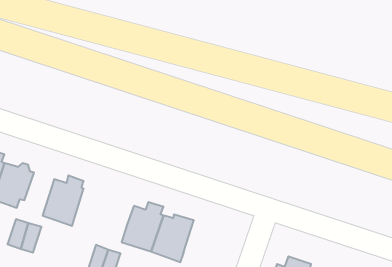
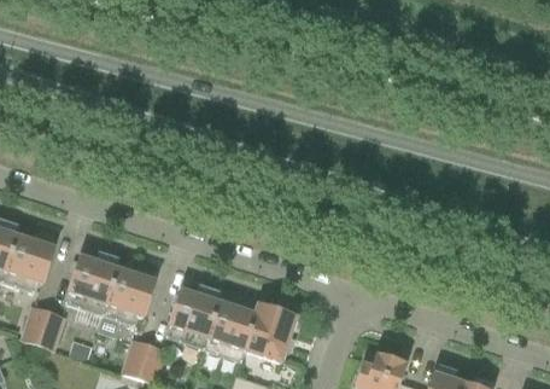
building: none -> [103,268,156,325]
building: none -> [244,304,296,362]

